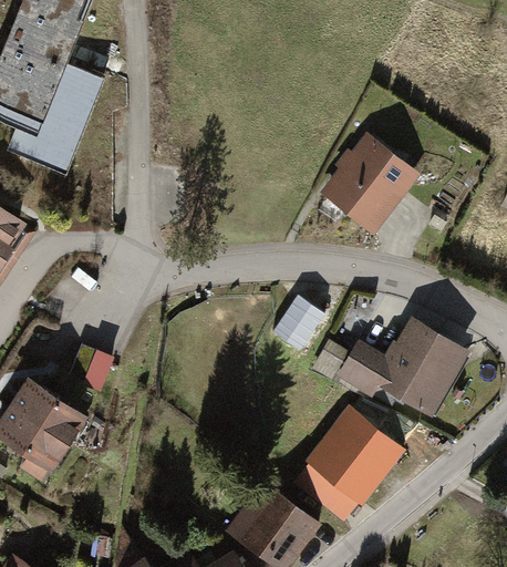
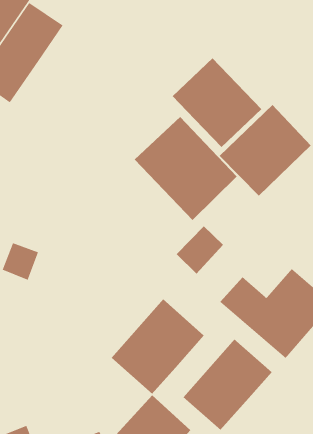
building: none -> [172,58,262,148]
building: none -> [134,116,238,221]
building: none -> [111,299,204,395]

